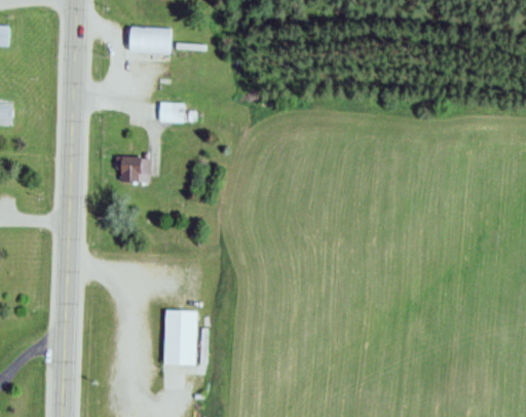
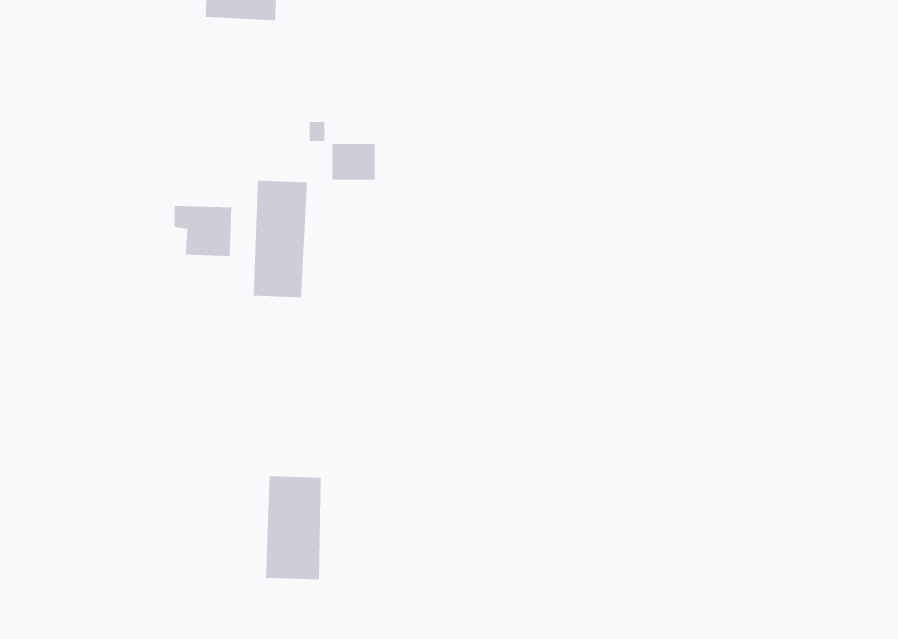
building: [159,102,184,122] -> [332,144,375,180]
building: none -> [253,180,307,298]

